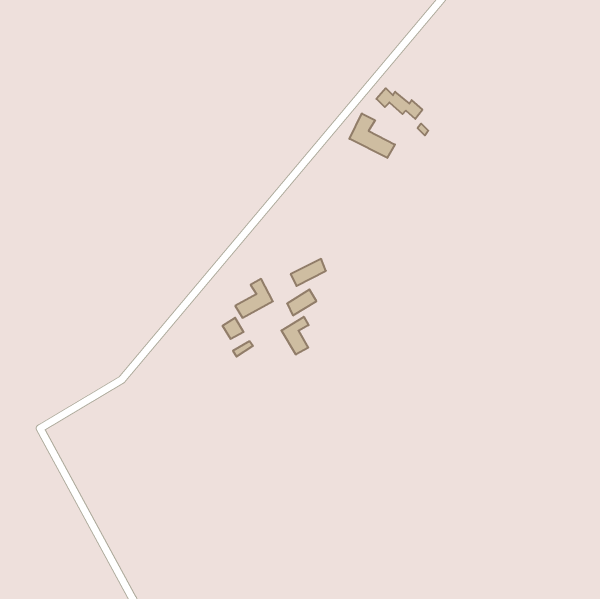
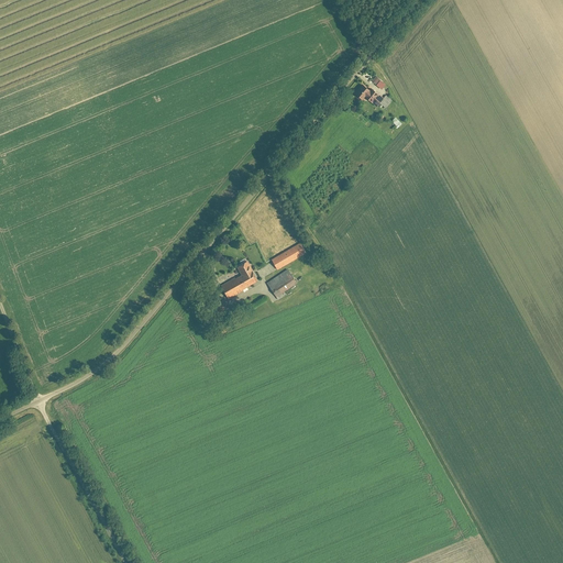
building: [349,113,395,158] -> none
building: [281,317,309,355] -> none

